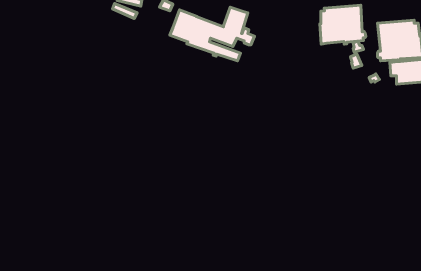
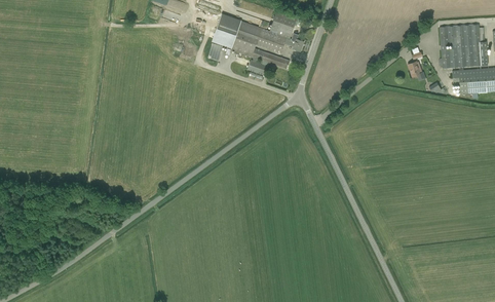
building: [320,5,366,44] -> none

